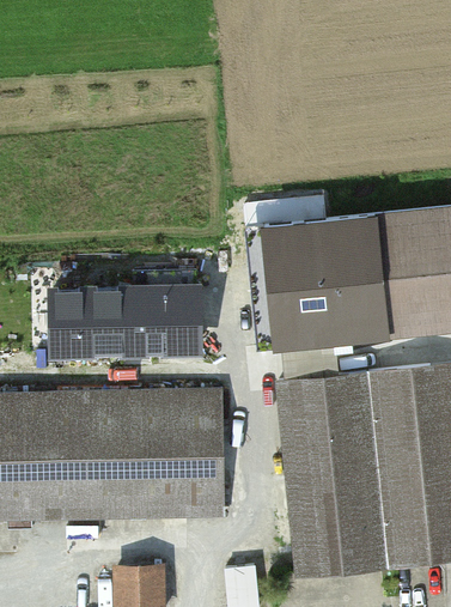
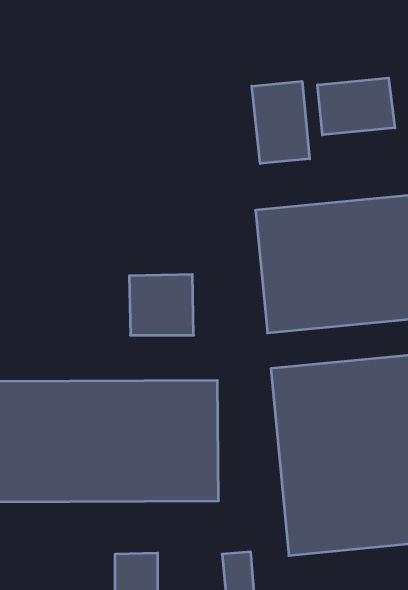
building: none -> [318,78,395,135]
building: none -> [252,81,310,164]
building: [53,290,135,352] -> none

